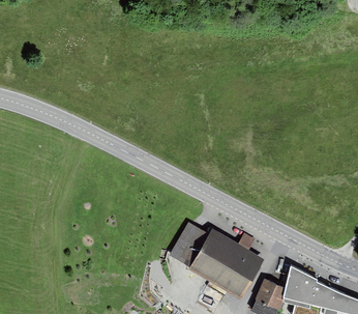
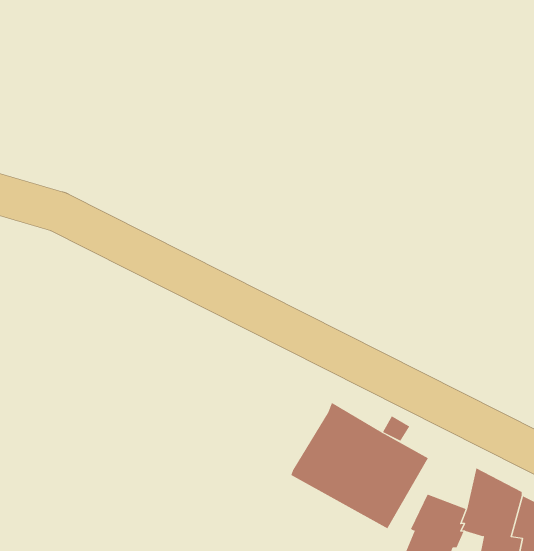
building: [170,221,208,264] -> none

